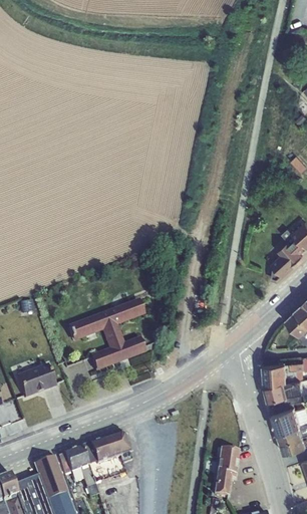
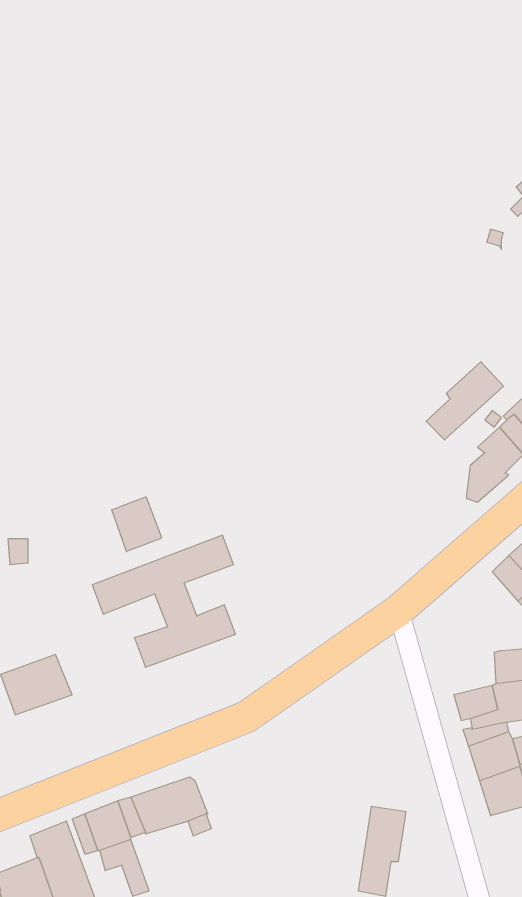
building: none -> [426,362,503,440]
building: none -> [112,497,161,552]
building: [263,364,287,388] -> none

